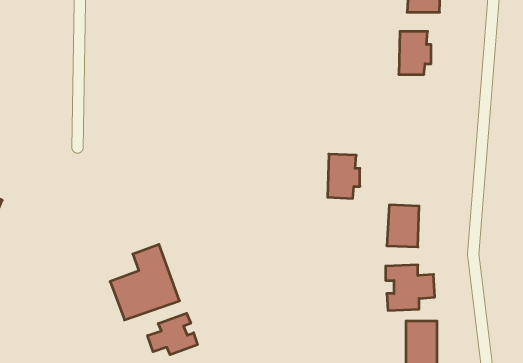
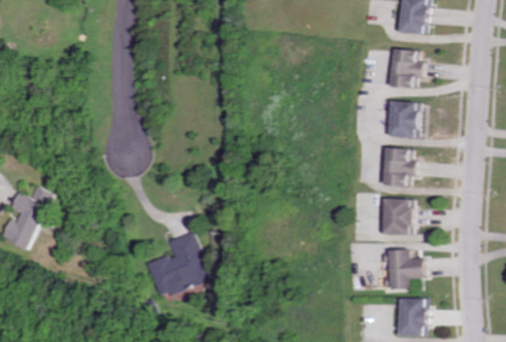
building: none -> [391,100,417,136]
building: [328,154,360,198] -> [384,147,412,185]
building: [148,313,197,355] -> none

